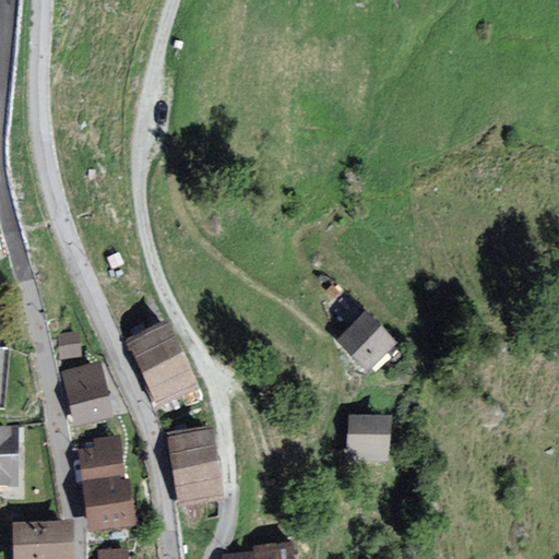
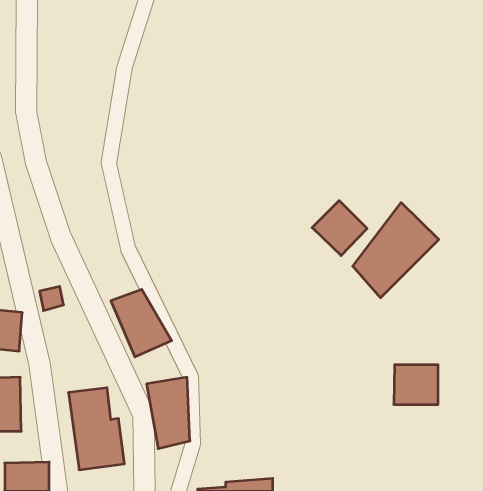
building: none -> [353,203,439,298]
building: [340,308,402,370] -> [312,201,367,256]
building: [53,361,106,421] -> none
building: [347,415,397,460] -> [394,365,438,404]

